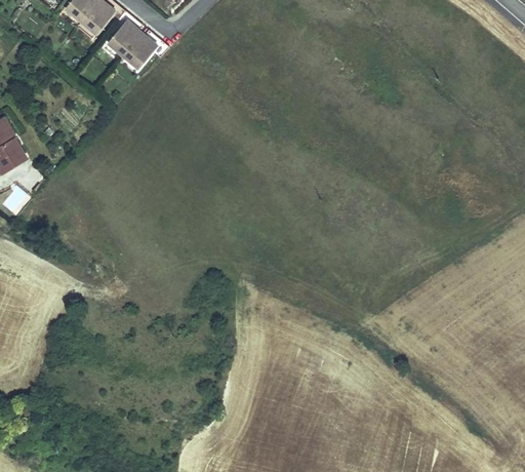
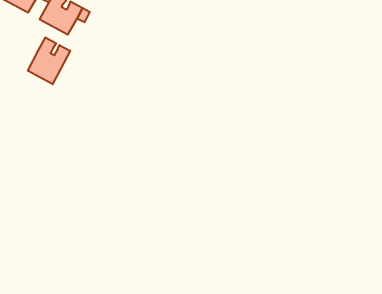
building: none -> [28,37,70,84]

